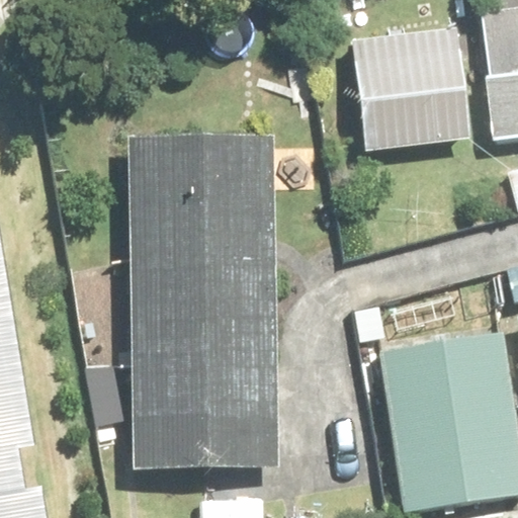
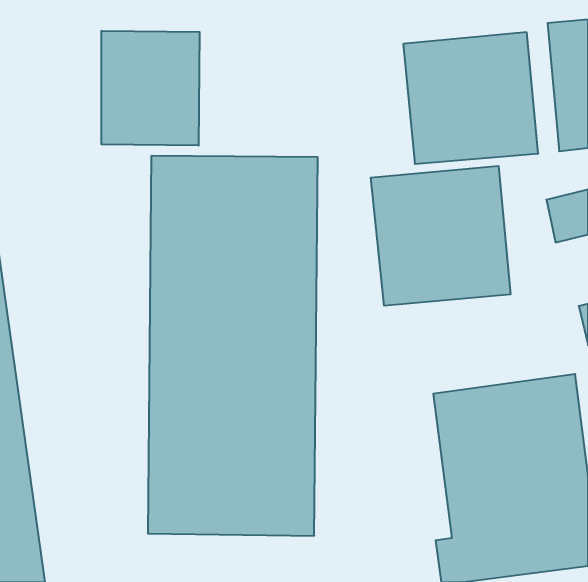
building: none -> [101,31,200,146]
building: none -> [371,166,510,306]

